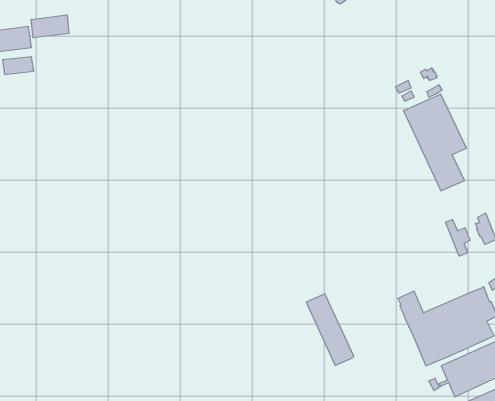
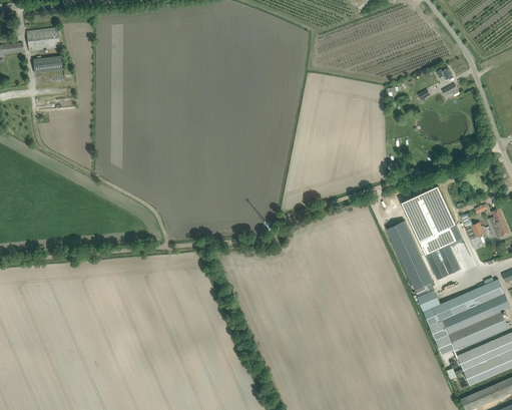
building: [31,15,69,38] -> none
building: [403,94,467,191] -> [401,185,462,279]
building: [306,294,354,365] -> [386,221,432,290]

